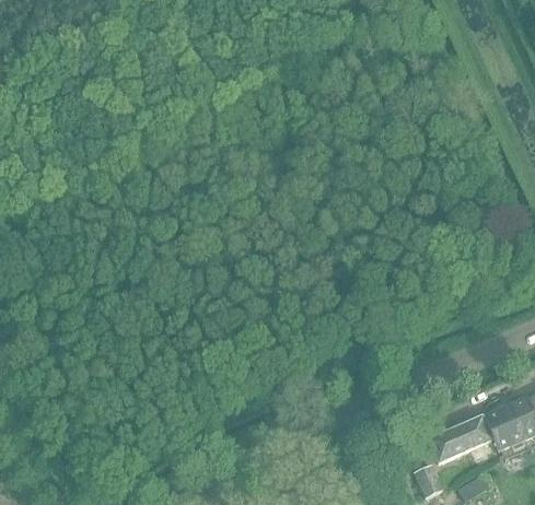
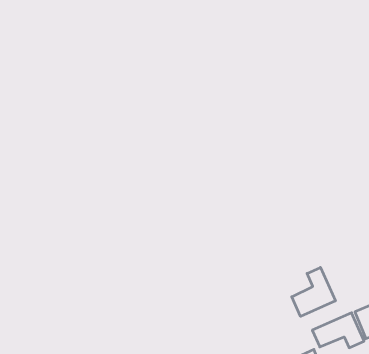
building: none -> [292,267,335,316]

